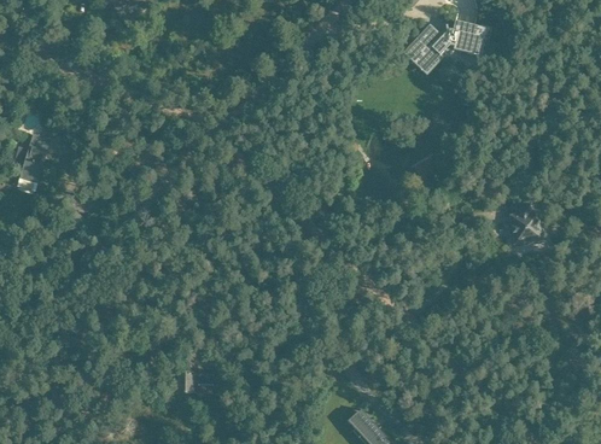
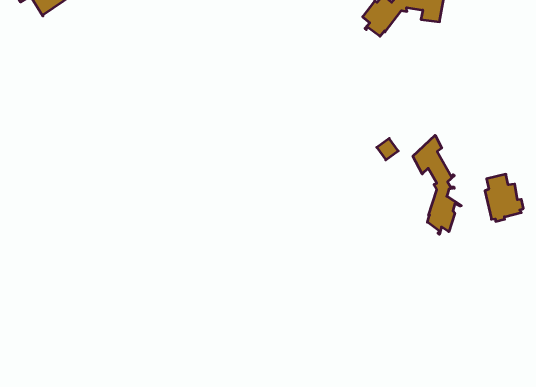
building: none -> [413,135,461,234]

